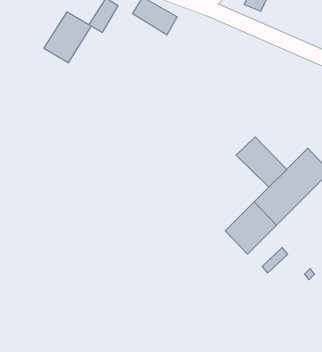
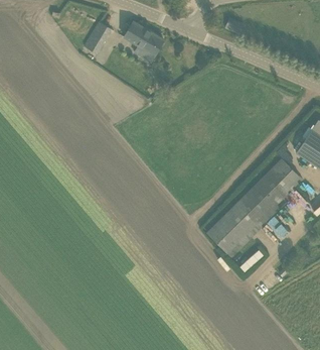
building: [44,12,91,63] -> none
building: [236,137,287,187] -> none

